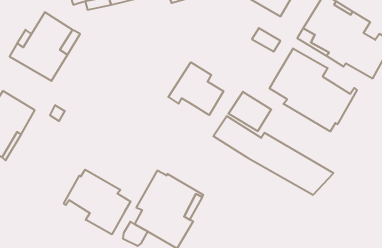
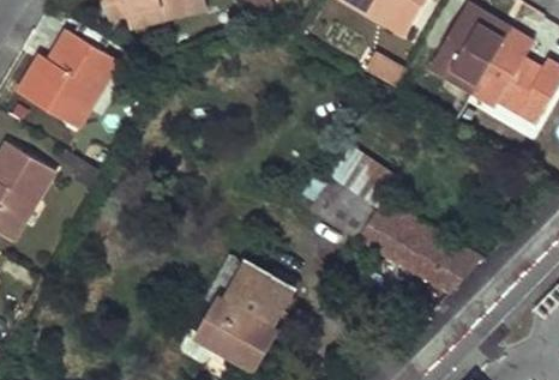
building: [270,48,357,131] -> none
building: [168,62,223,115] -> none
building: [64,170,131,234] -> none

